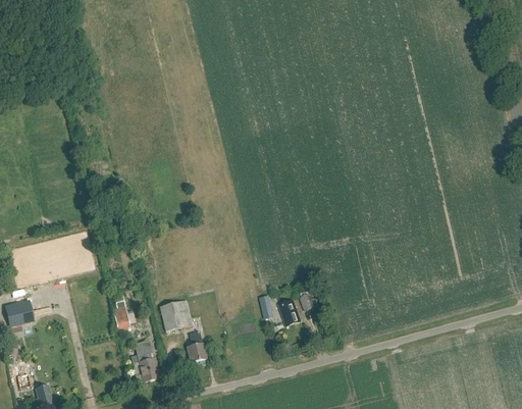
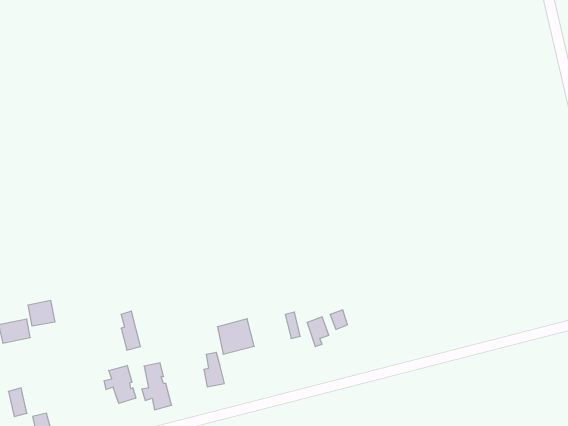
building: none -> [28,300,55,326]
building: [160,300,193,331] -> [217,319,254,354]
building: none -> [104,365,136,403]

